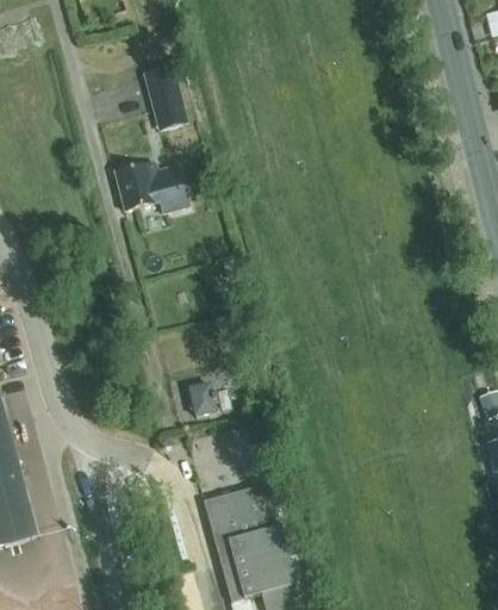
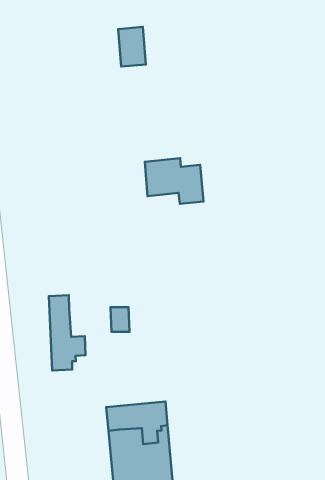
building: [114,161,188,212] -> [145,158,204,204]
building: none -> [49,295,85,370]

